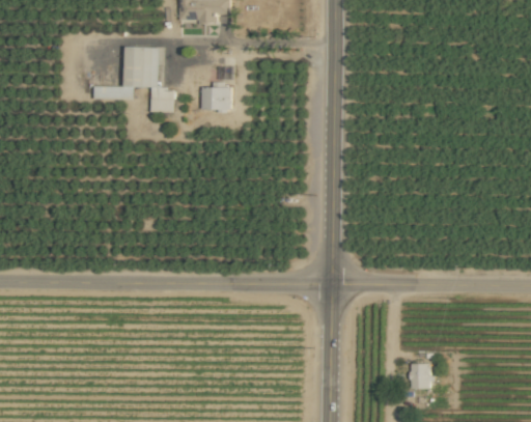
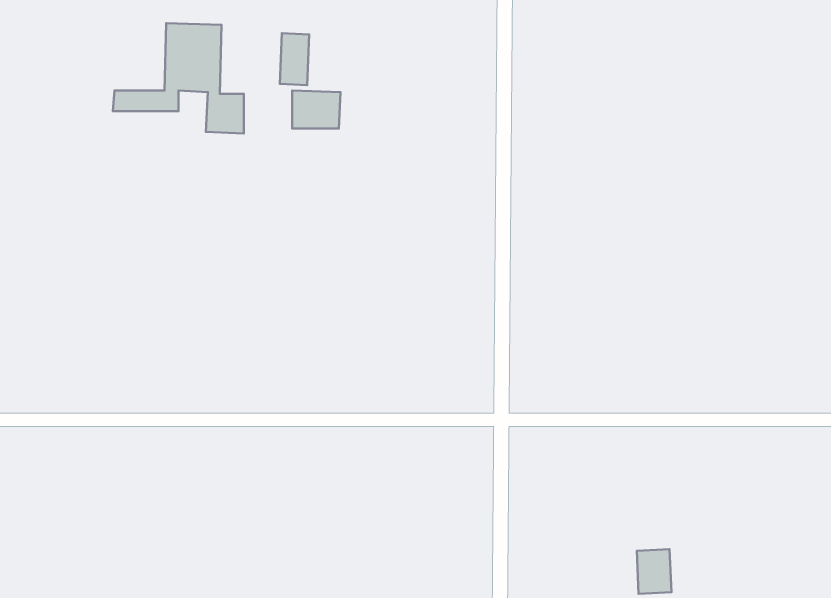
building: none -> [280,33,309,85]

